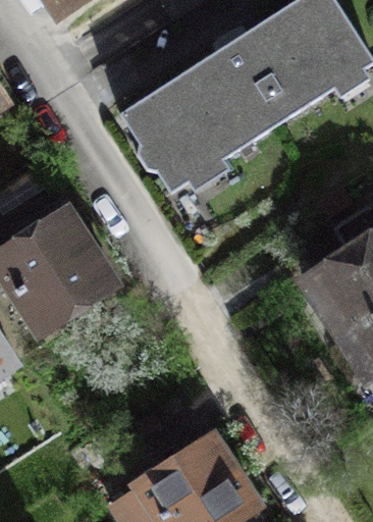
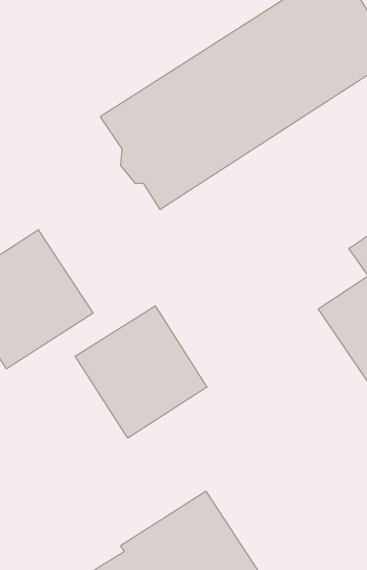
building: none -> [75,306,207,438]

